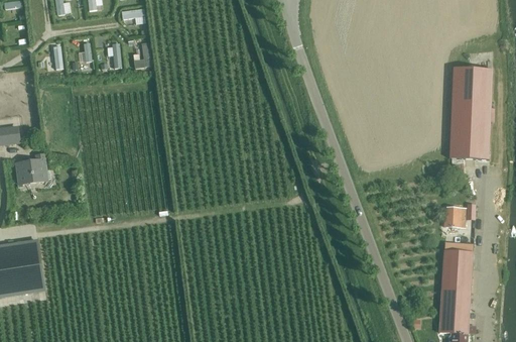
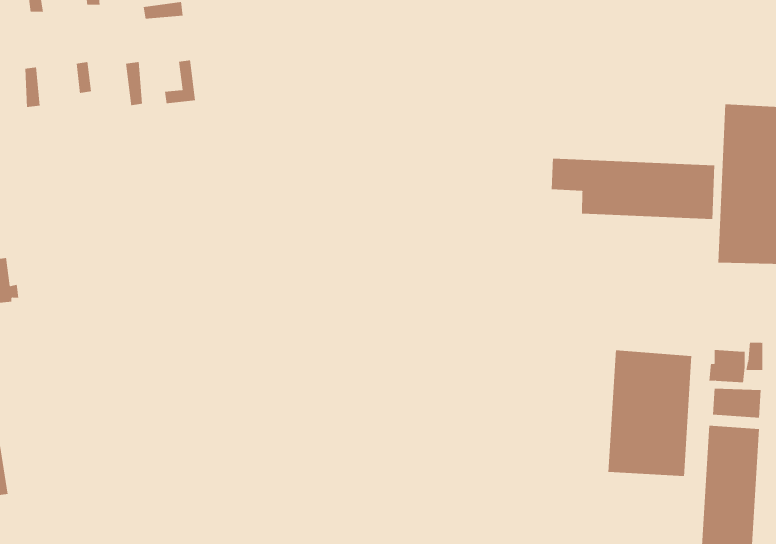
building: none -> [551,158,715,220]
building: none -> [608,350,692,477]

